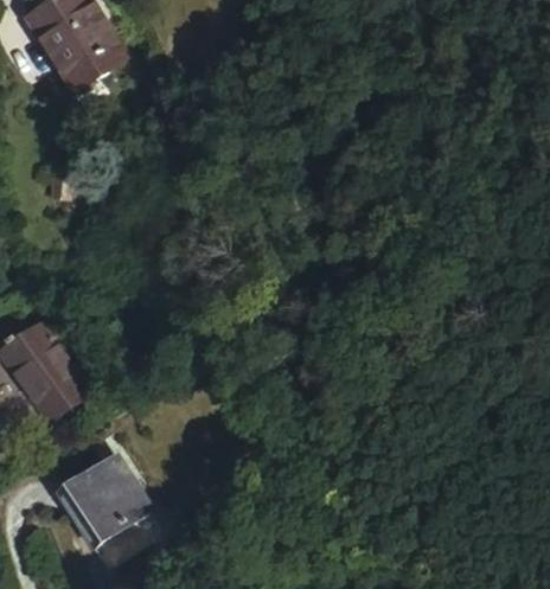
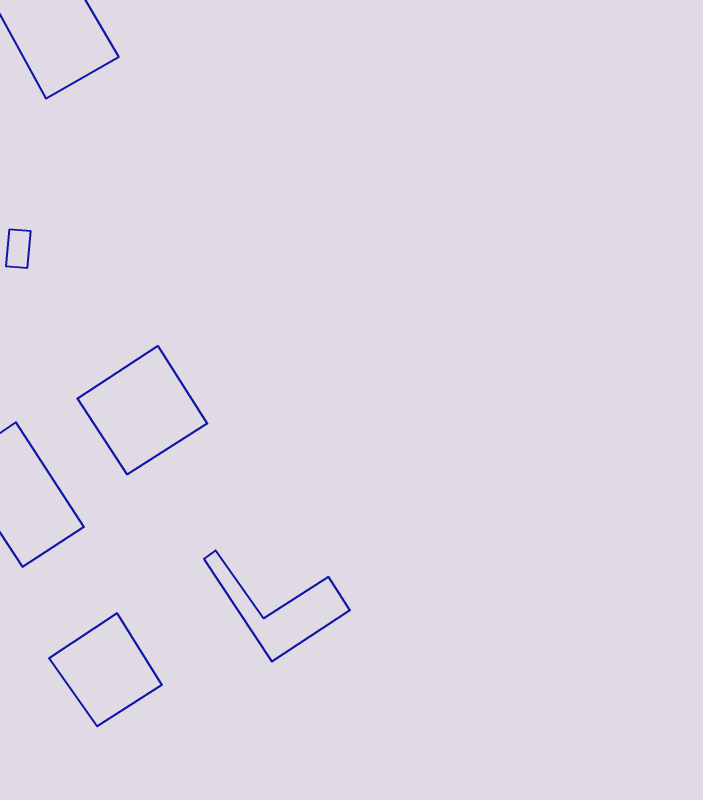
building: none -> [77,346,207,474]
building: [60,486,165,565] -> [204,550,350,662]

